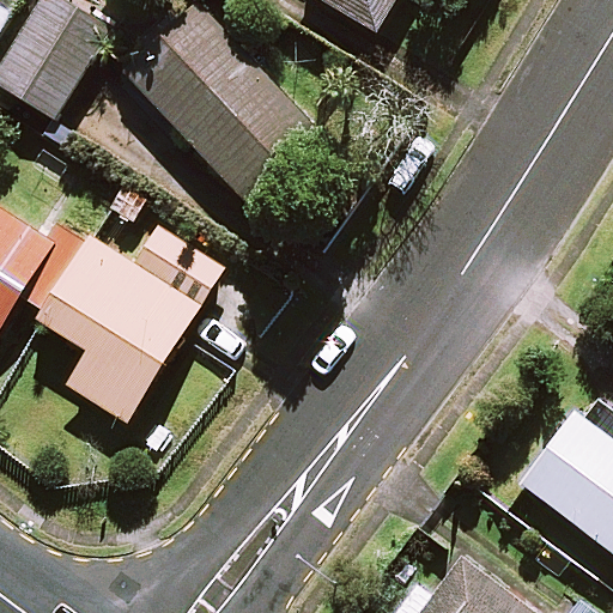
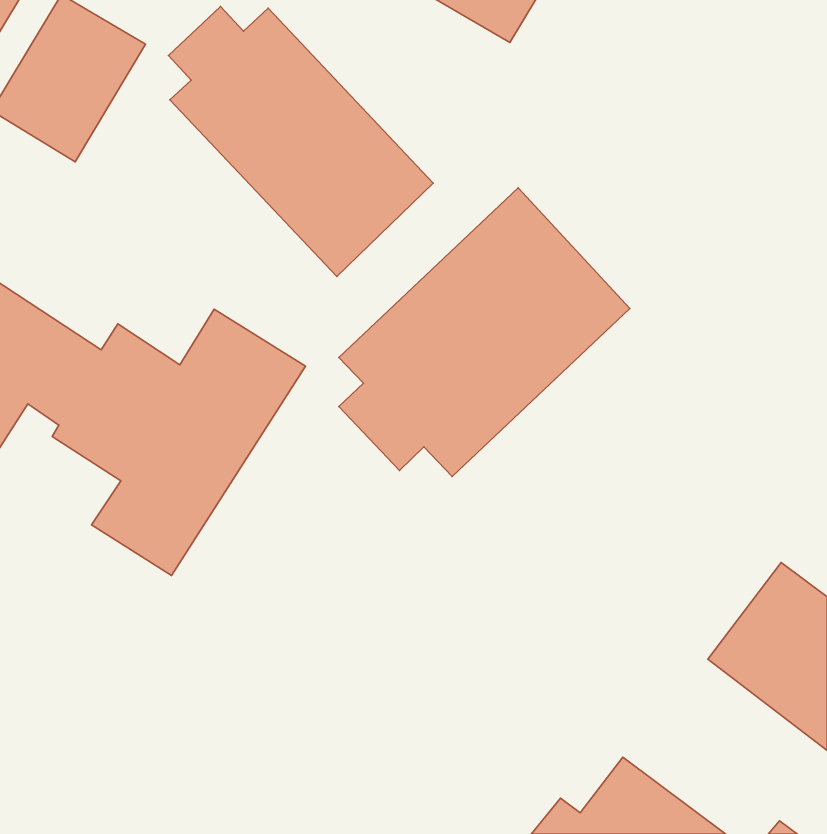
building: none -> [339,188,630,477]

